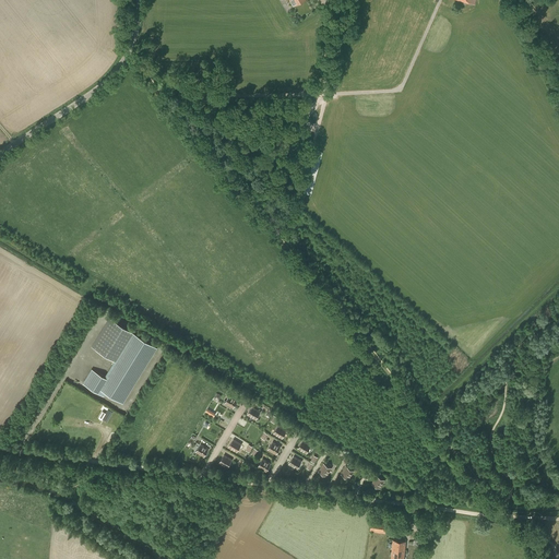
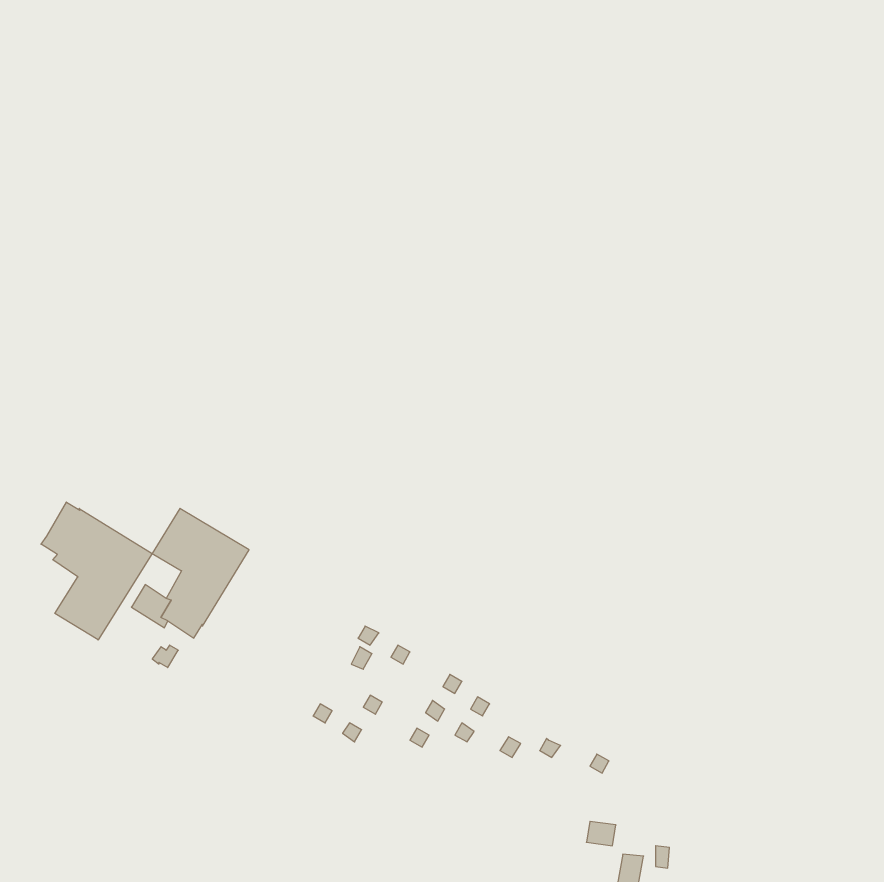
building: none -> [41,502,152,640]

